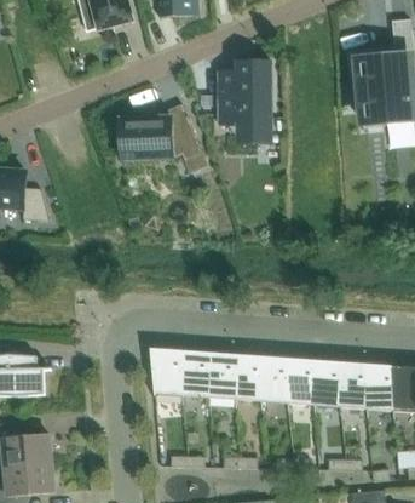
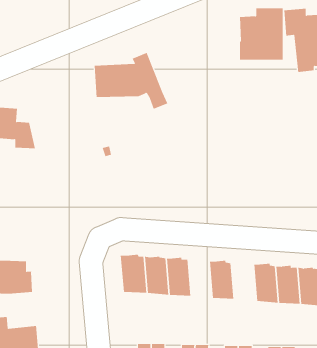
building: [218,62,271,125] -> [239,8,283,60]
building: [232,354,261,401] -> none
building: [284,358,315,405] -> none

